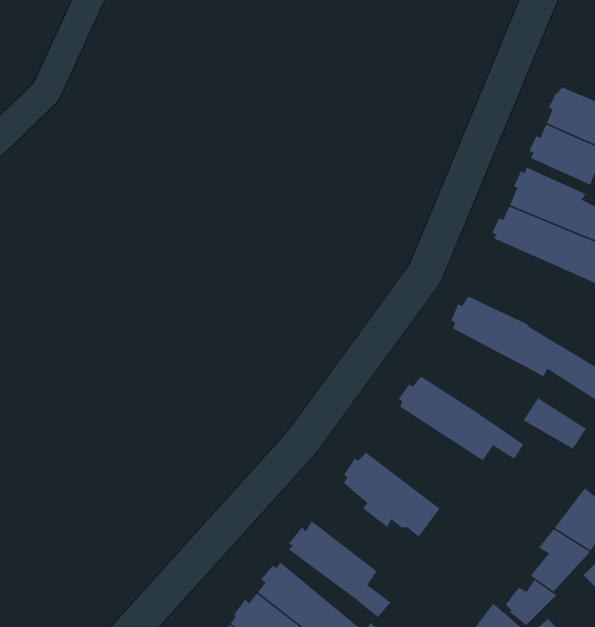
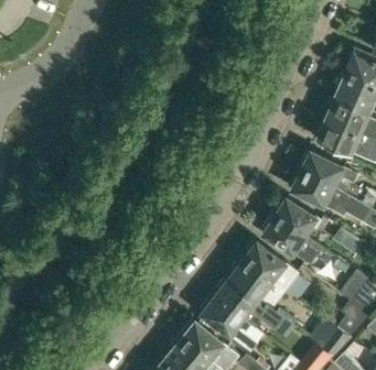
building: none -> [301,150,358,185]
building: none -> [275,196,321,235]
building: none -> [244,240,300,290]
building: none -> [213,275,284,331]

